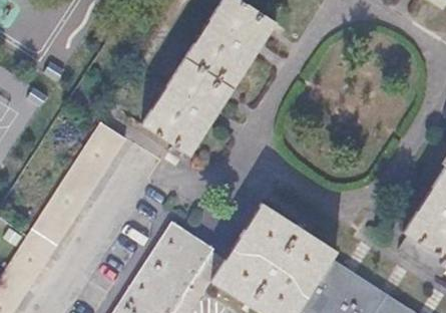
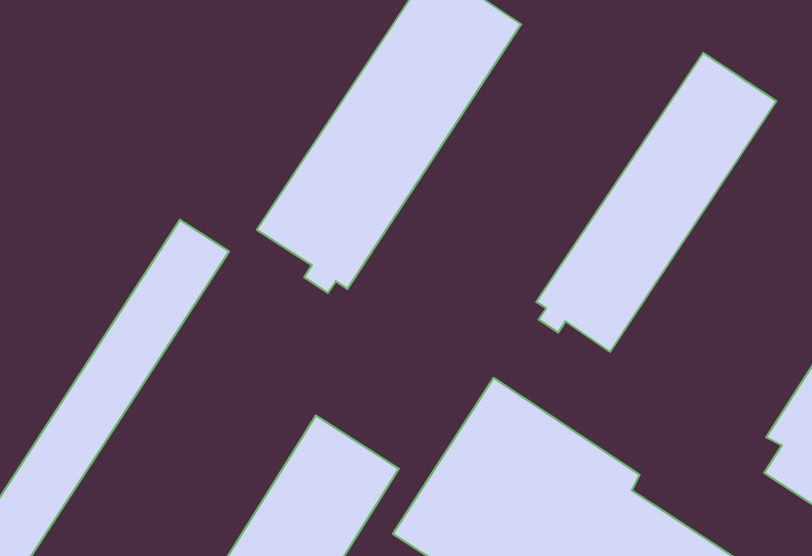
building: none -> [536,53,776,352]

